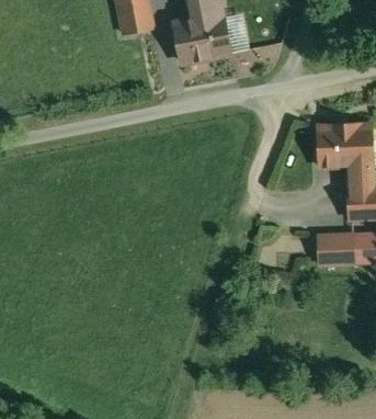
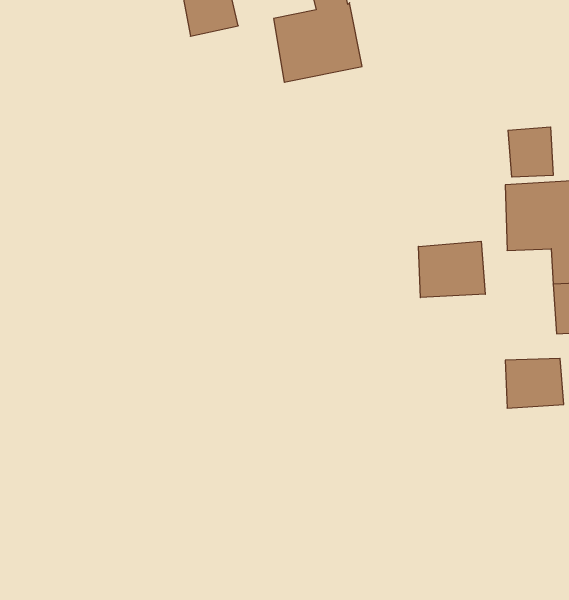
building: none -> [508,127,553,177]
building: none -> [418,241,485,298]

